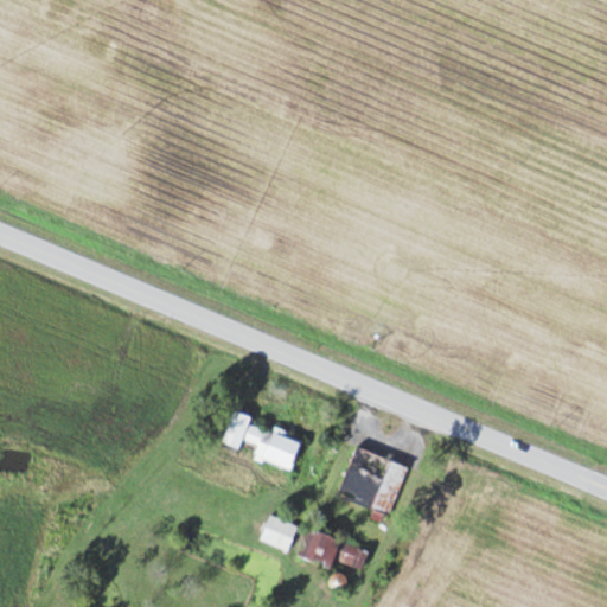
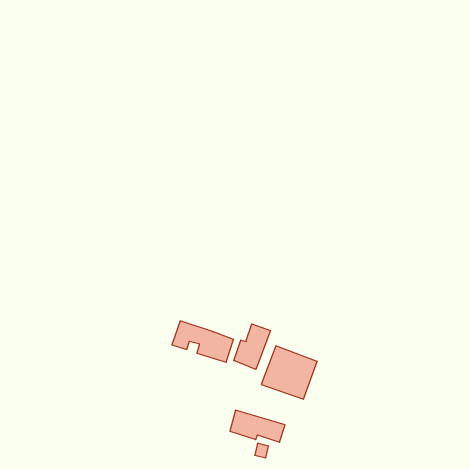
building: none -> [234,324,270,369]
building: [261,515,299,550] -> none

